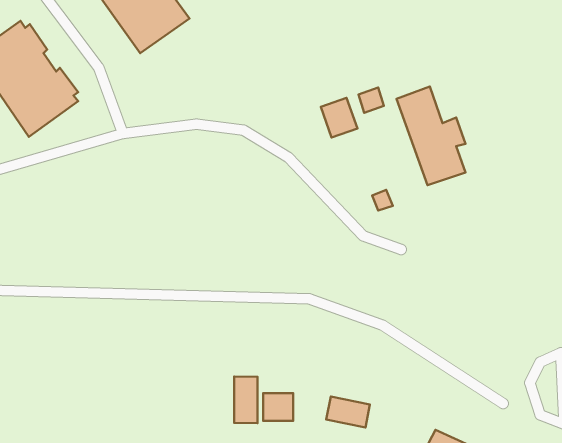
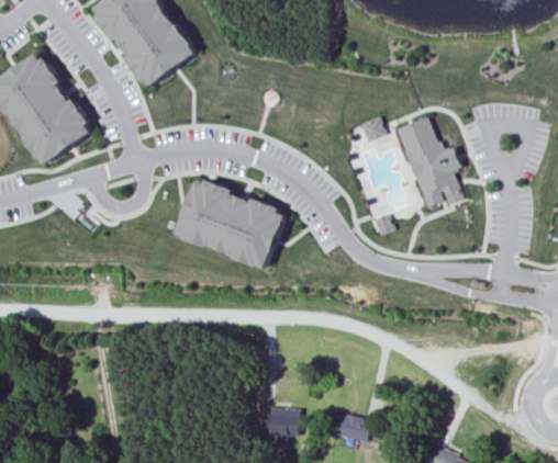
building: [321,98,358,138] -> none
building: none -> [175,180,284,269]
building: [234,377,258,423] -> none

